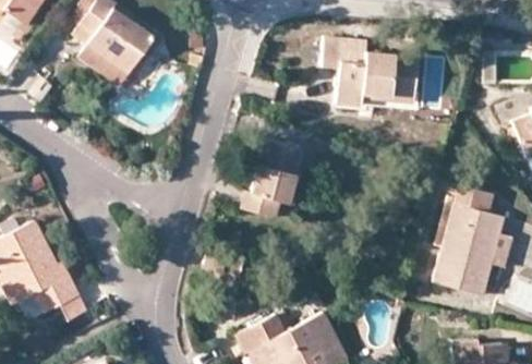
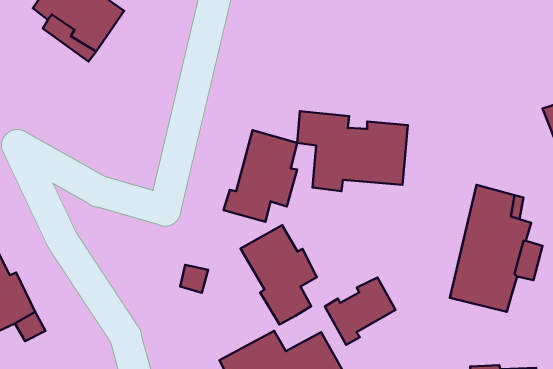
building: [323,39,418,108] -> [297,111,408,191]
building: none -> [241,225,317,324]
building: none -> [325,277,396,345]

